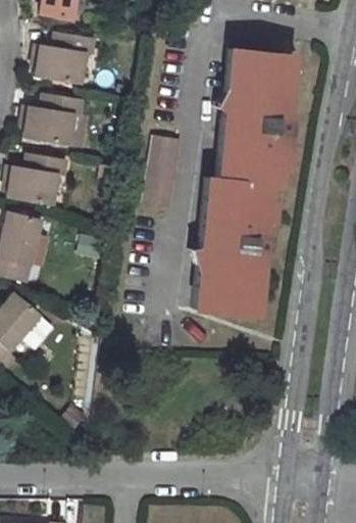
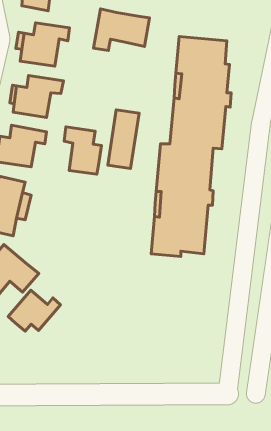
building: none -> [94,9,150,50]
building: none -> [64,127,102,174]
building: none -> [8,290,60,331]

